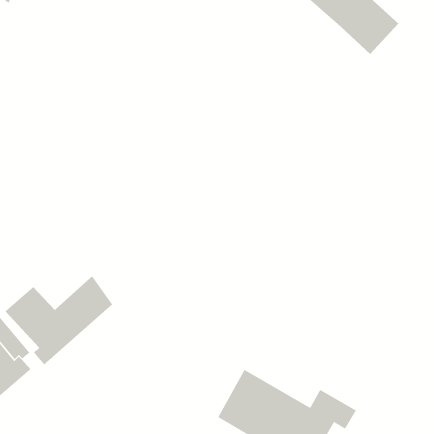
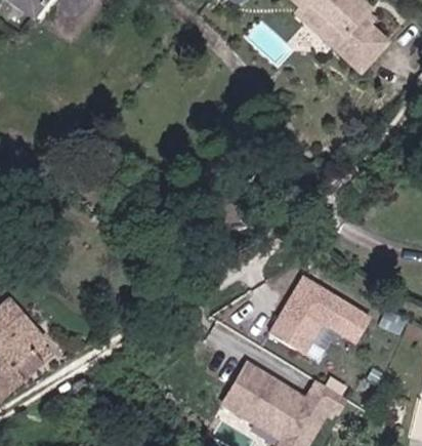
building: none -> [269,275,374,354]
building: [5,276,113,365] -> none

